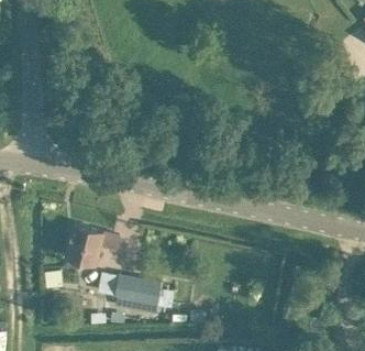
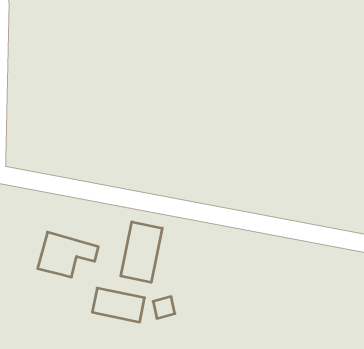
building: none -> [121,222,162,282]

